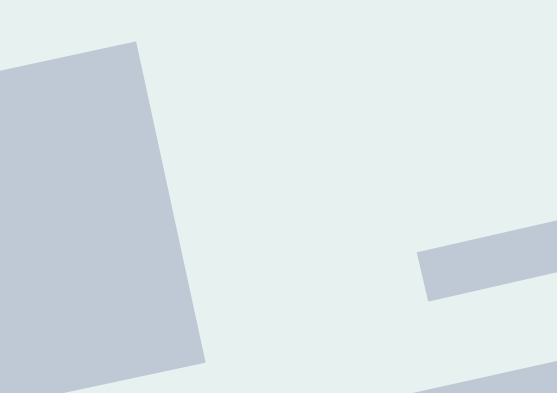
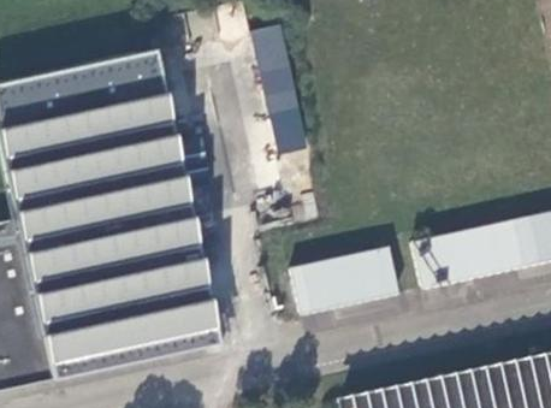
building: none -> [254,24,304,154]
building: none -> [289,248,396,314]

